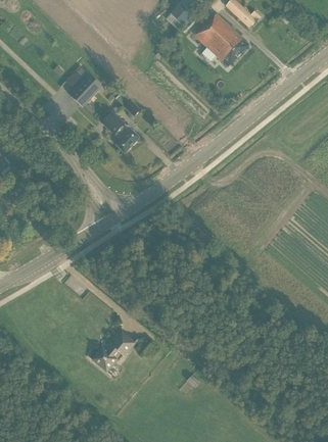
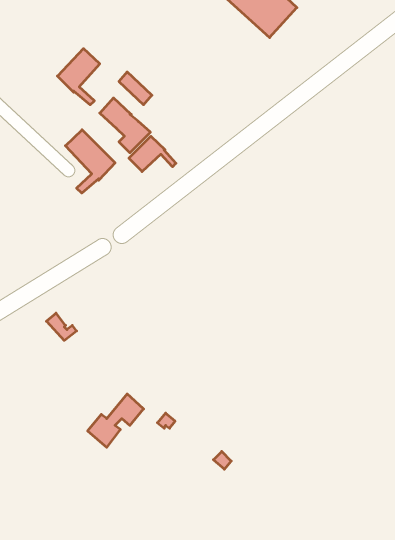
building: none -> [65,130,115,193]
building: none -> [129,136,176,172]

